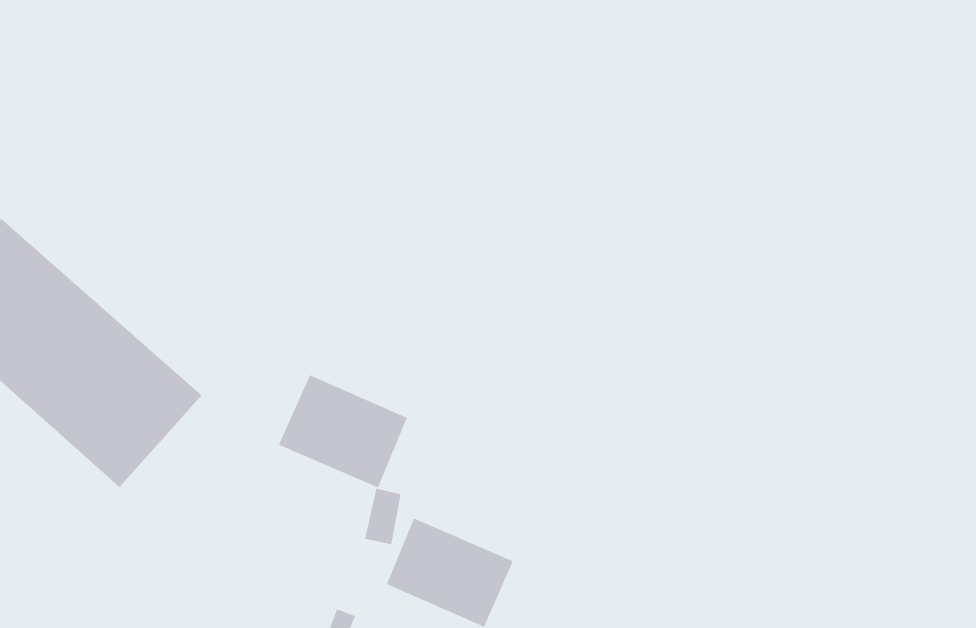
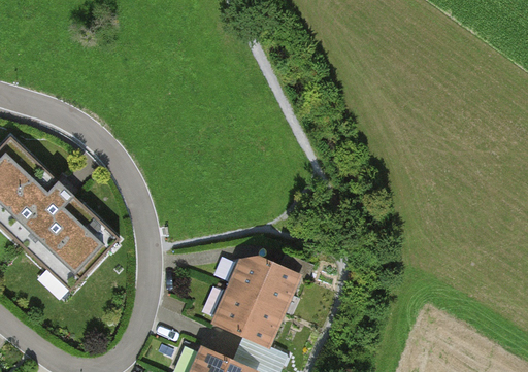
building: [278,374,408,488] -> [229,255,297,314]

